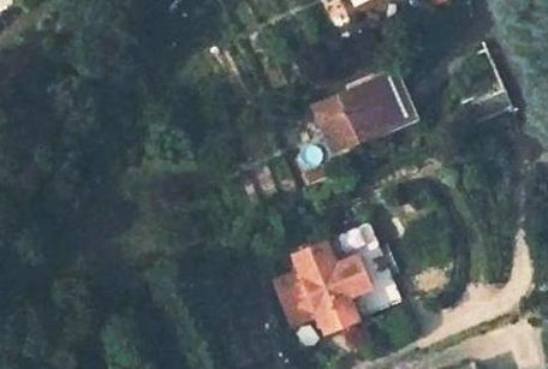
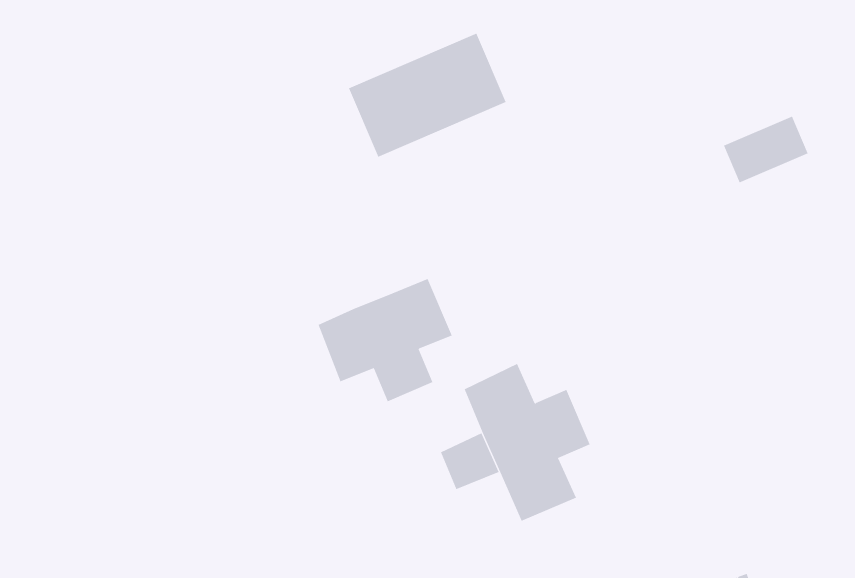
building: [312,73,409,149] -> [348,33,507,157]
building: none -> [318,278,453,402]

